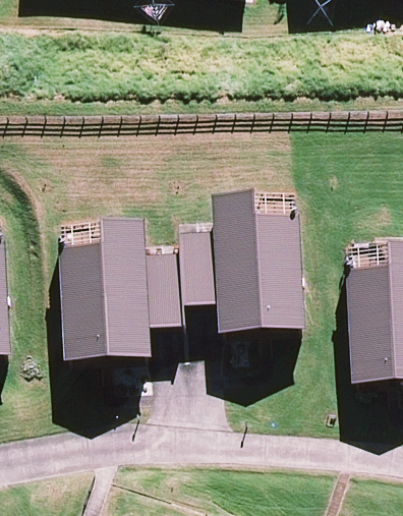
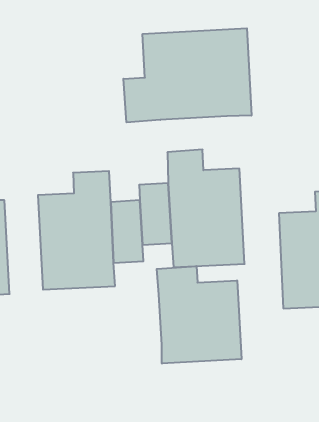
building: none -> [123,28,251,122]
building: none -> [157,266,241,364]

